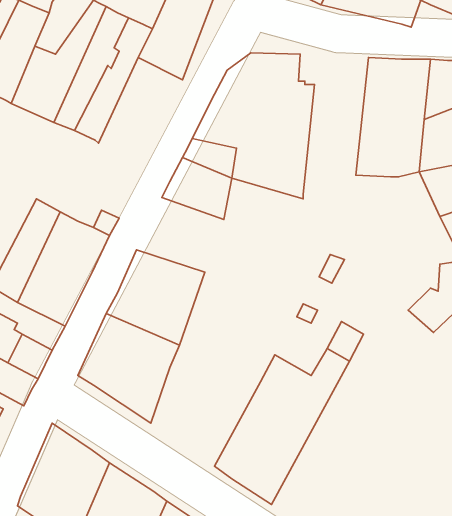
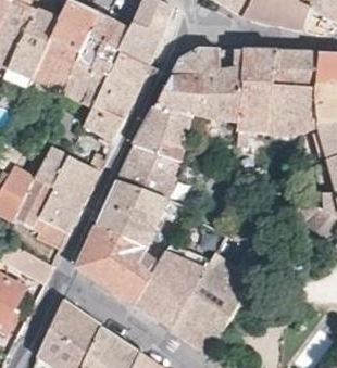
building: none -> [233,47,277,142]
building: none -> [80,49,150,142]
building: none -> [118,144,212,207]
building: none -> [128,250,203,328]

